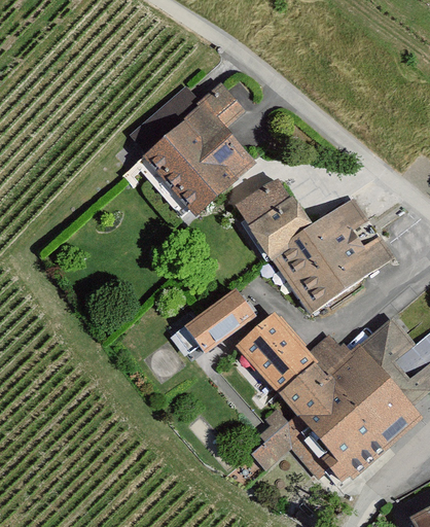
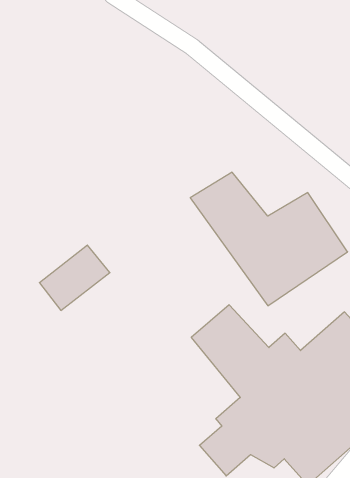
building: [143,81,253,216] -> none
building: [182,286,253,352] -> [39,245,110,310]

